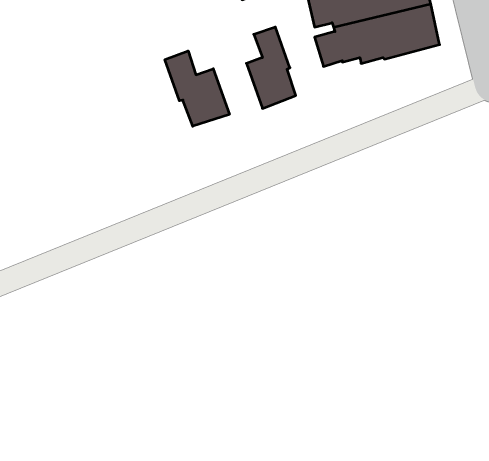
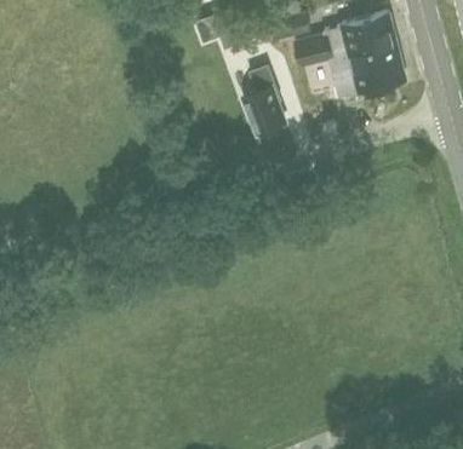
building: [165,51,229,126] -> none

